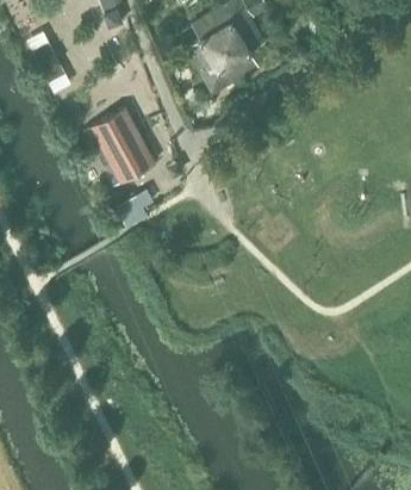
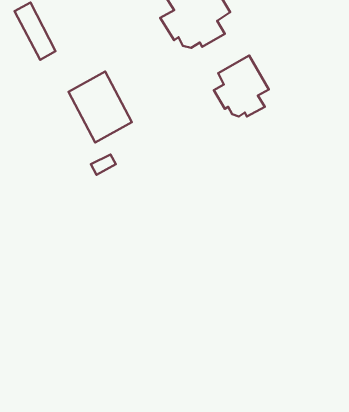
building: none -> [214,56,269,117]

